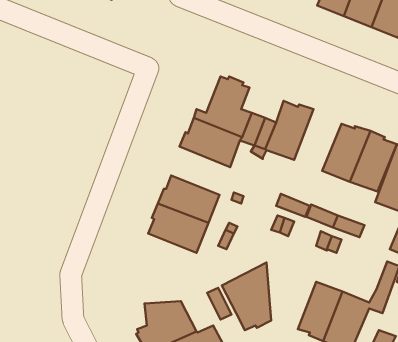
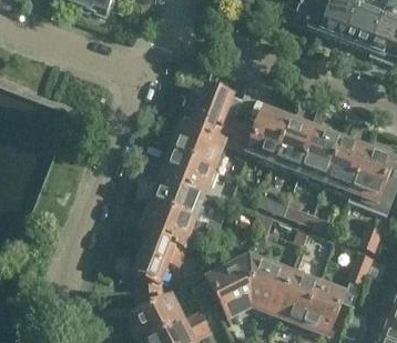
building: none -> [274,115,317,172]
building: none -> [161,150,215,194]
building: none -> [132,230,184,294]
building: none -> [248,256,294,317]

